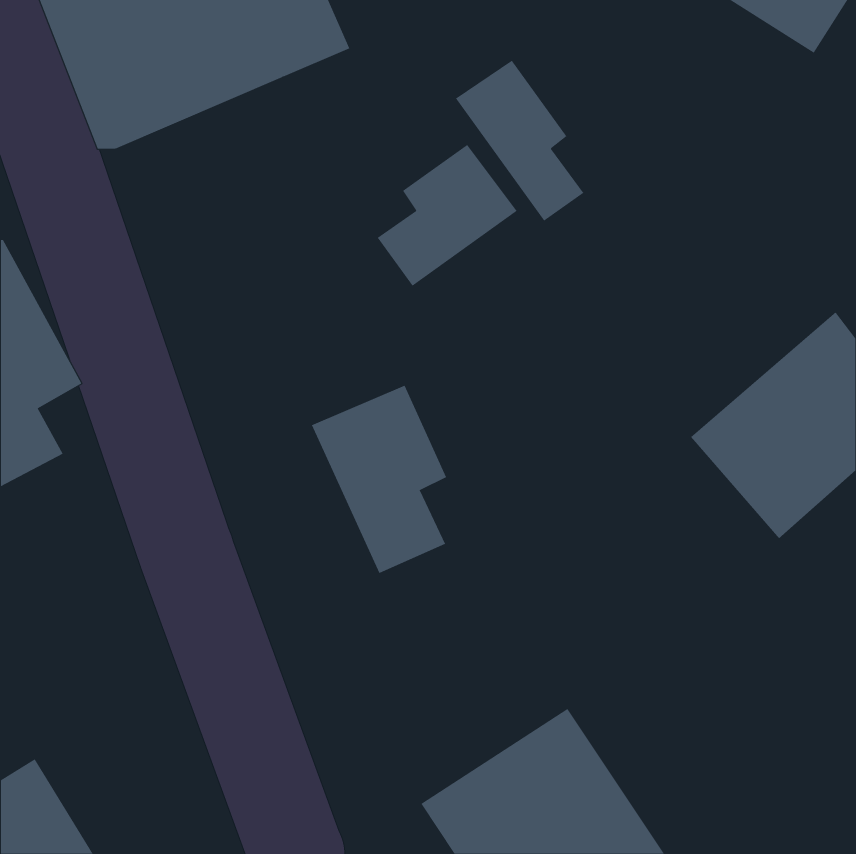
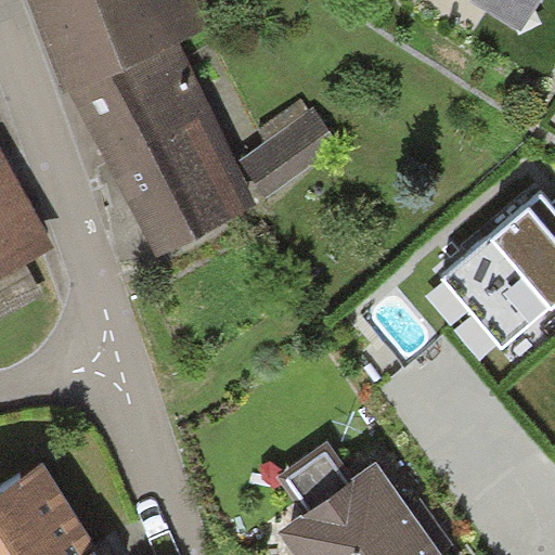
building: [455,60,584,222] -> none
building: none -> [75,50,256,263]
building: [311,385,447,574] -> none

